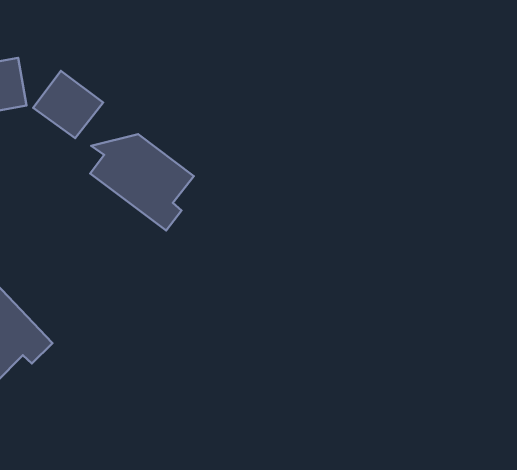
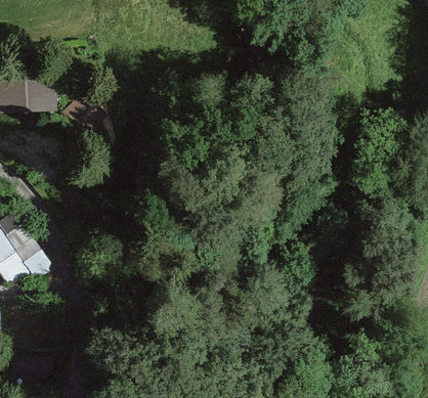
building: [90,134,194,230] -> none

